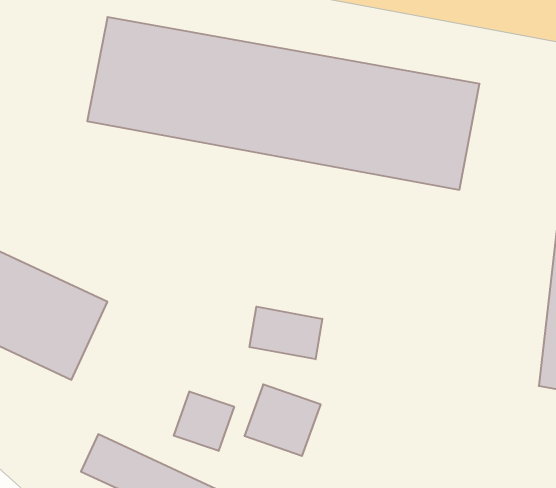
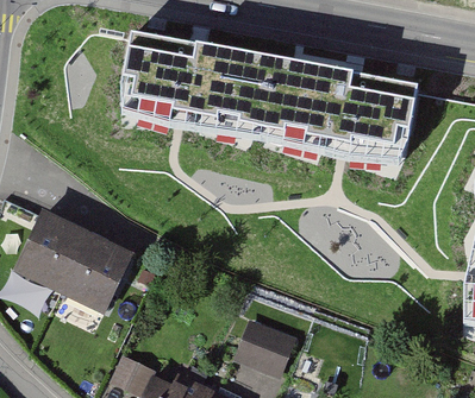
building: [250,307,322,359] -> none
building: [174,391,234,451] -> none

